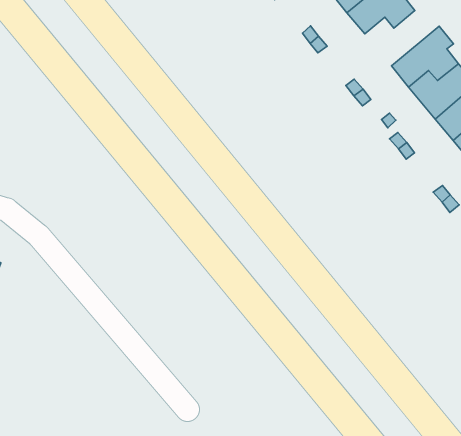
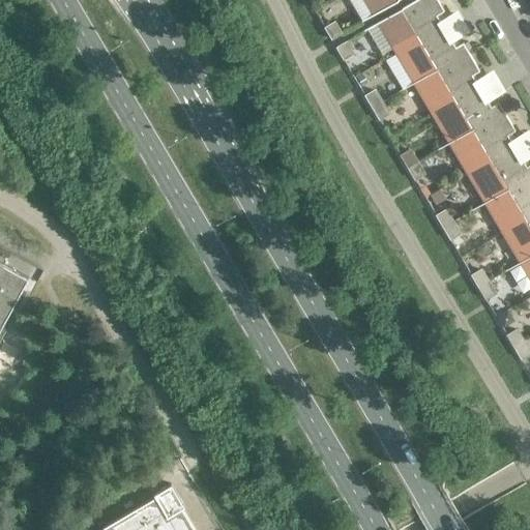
building: none -> [428,92,503,144]

